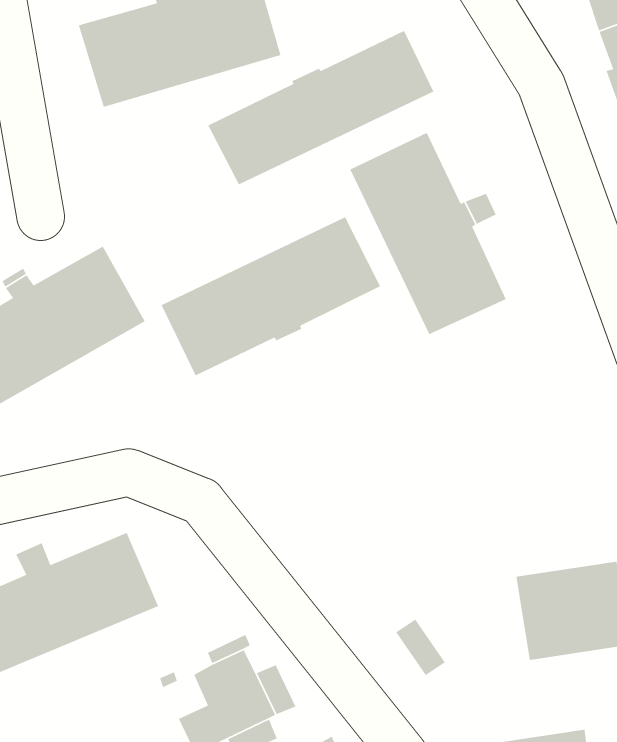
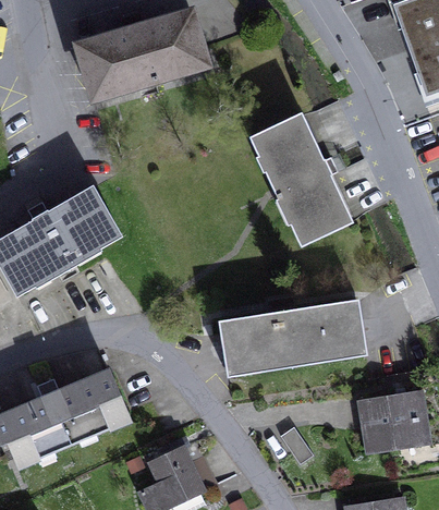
building: [207,30,434,186] -> none
building: [161,216,381,377] -> none
building: none -> [220,296,365,375]

